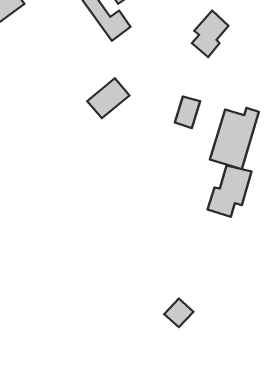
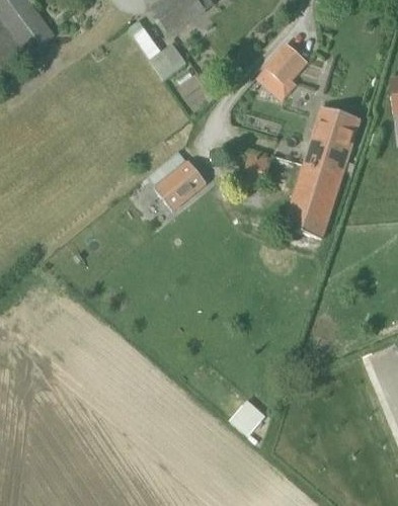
building: none -> [304,104,362,170]
building: [87,78,129,118] -> [155,159,208,208]
building: [207,166,252,217] -> none

